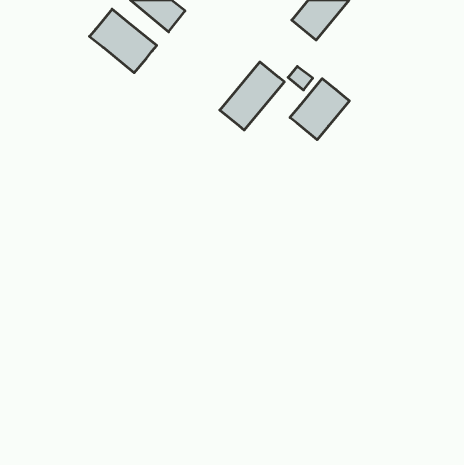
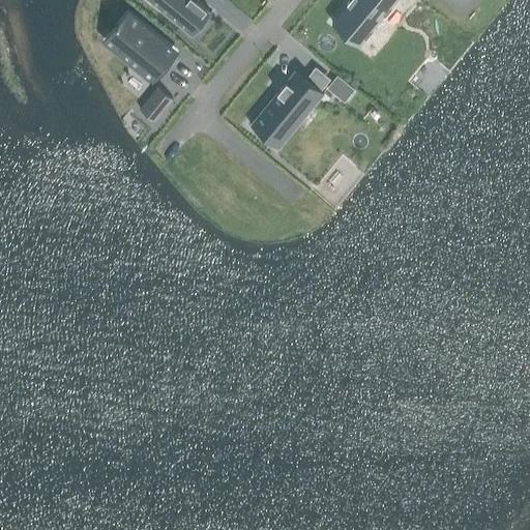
building: none -> [141,87,174,121]
building: [290,79,349,140] -> none

